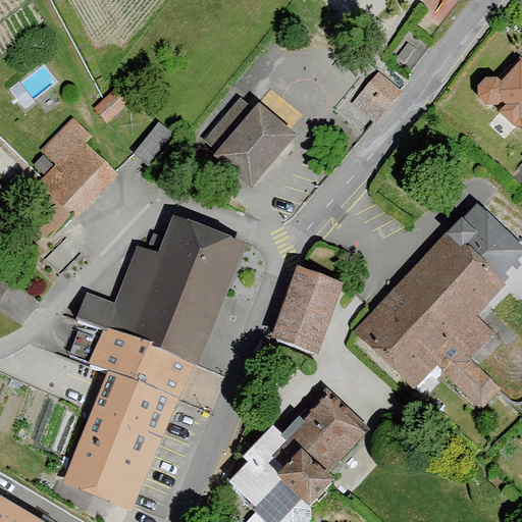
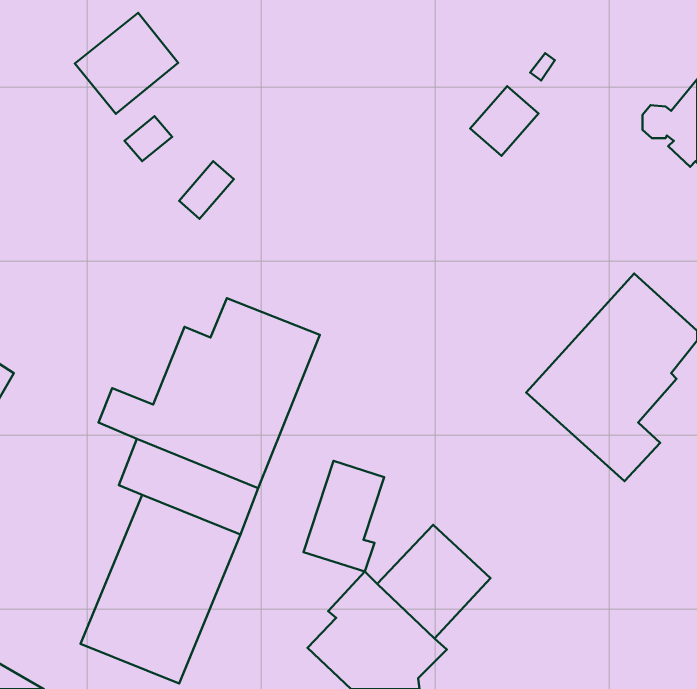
building: none -> [75,13,178,114]
building: [205,96,296,187] -> none
building: [32,116,115,229] -> none
building: [273,269,333,352] -> [303,461,384,571]
building: [357,293,500,408] -> none

